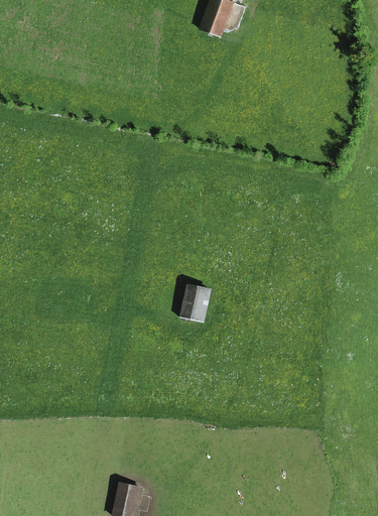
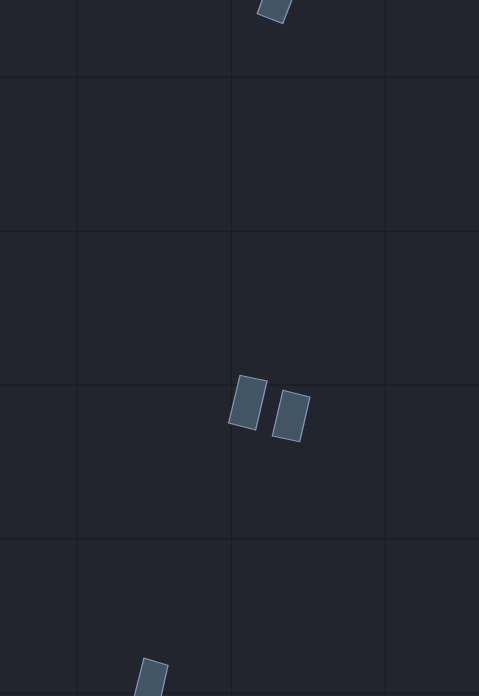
building: none -> [272,390,310,442]

